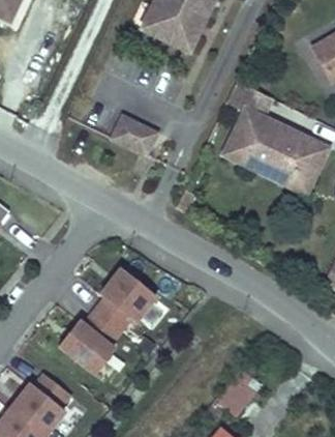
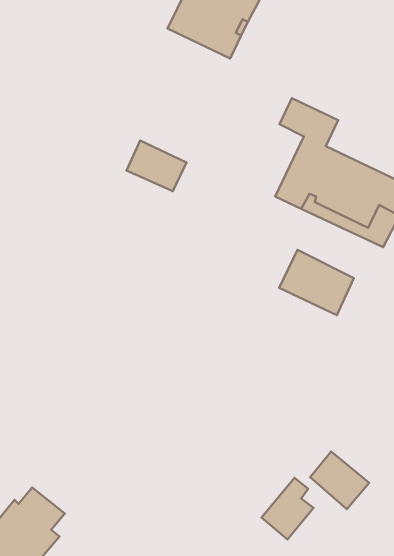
building: none -> [279,250,354,315]
building: [60,270,152,373] -> none
building: none -> [310,452,369,509]

